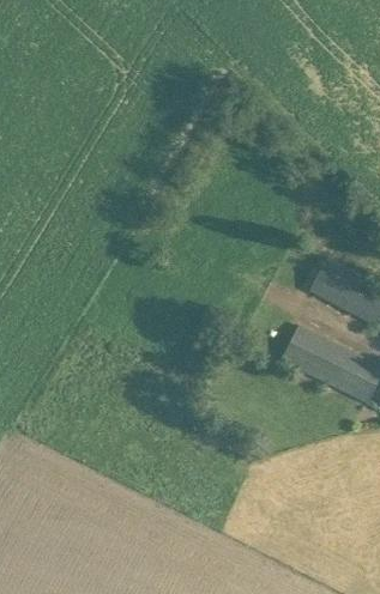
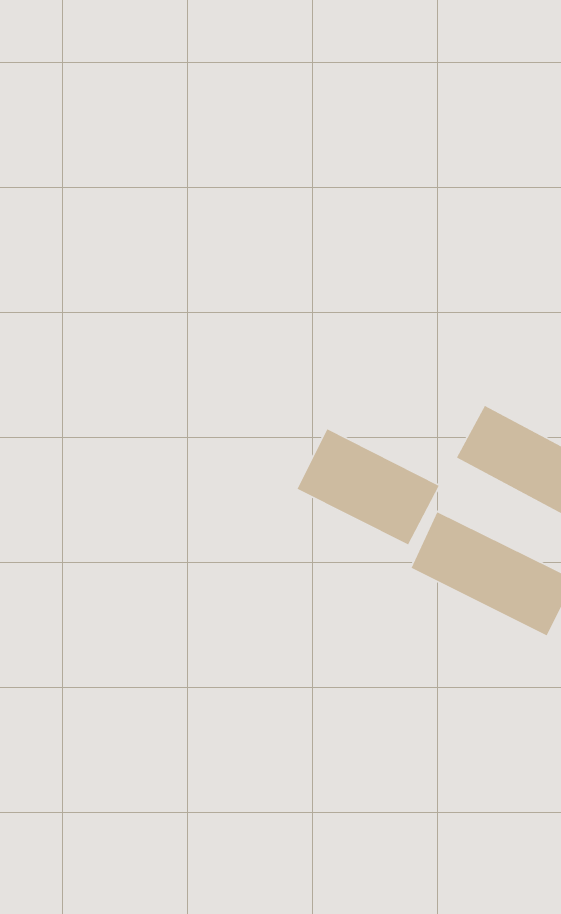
building: none -> [296,428,440,545]

